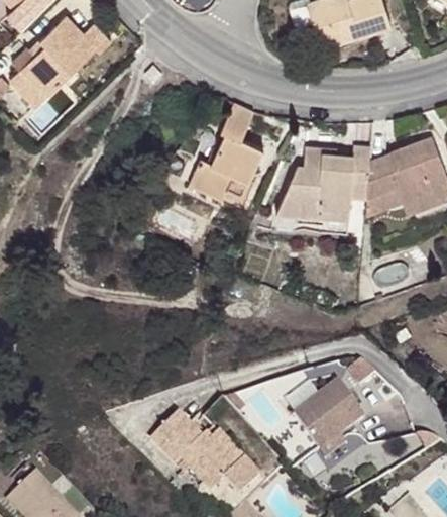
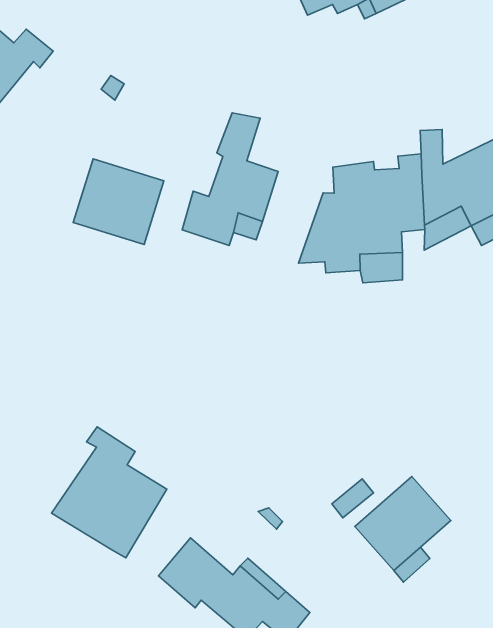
building: none -> [73,159,164,244]
building: none -> [52,427,167,558]

